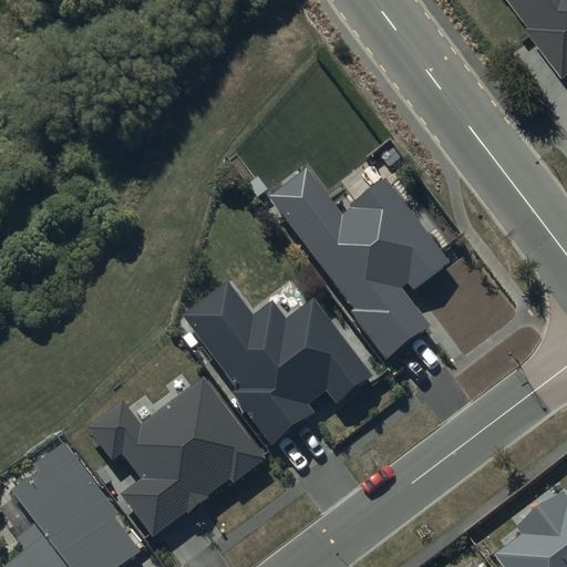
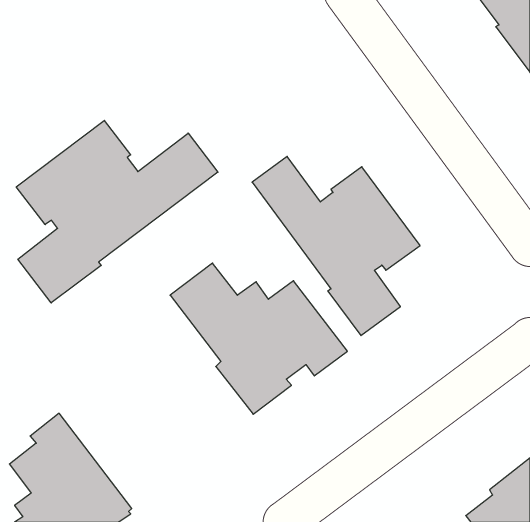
building: none -> [16,120,218,303]
building: [87,377,265,536] -> none

